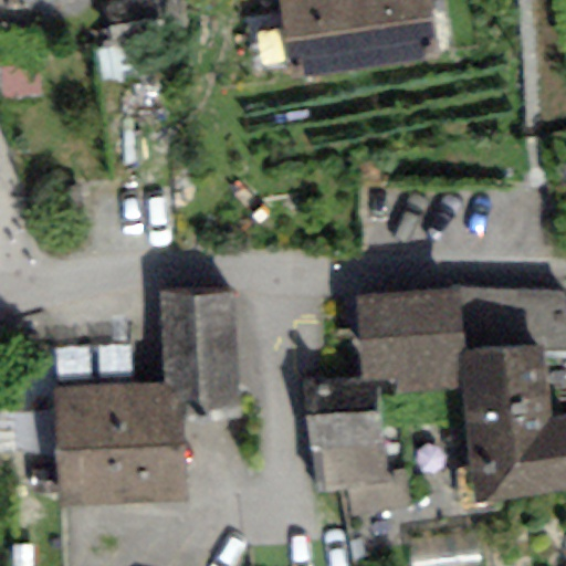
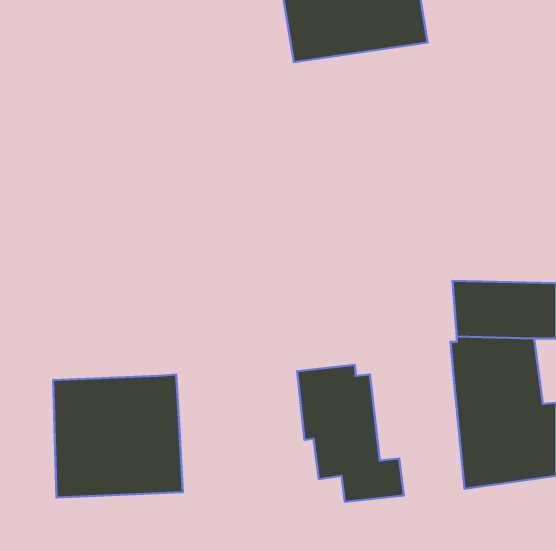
building: [355,285,464,391] -> none
building: [158,292,244,419] -> none

